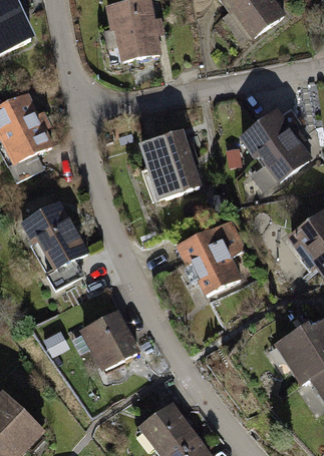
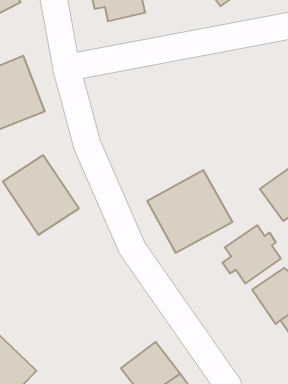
building: [230,111,310,189] -> none
building: [134,131,210,206] -> none
building: none -> [222,225,281,283]
building: [68,309,135,377] -> none

